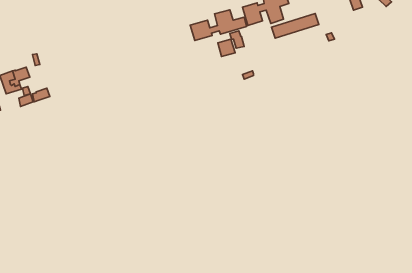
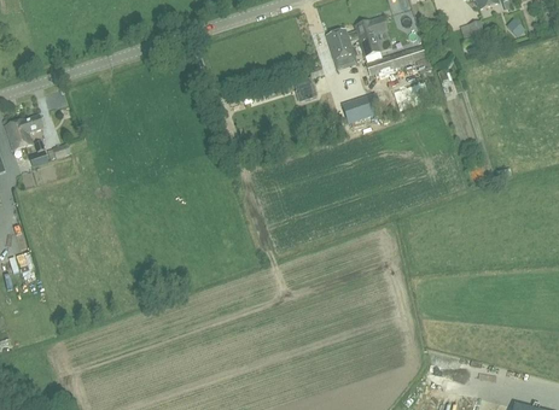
building: [190,10,247,40] -> none
building: none -> [348,94,379,121]

